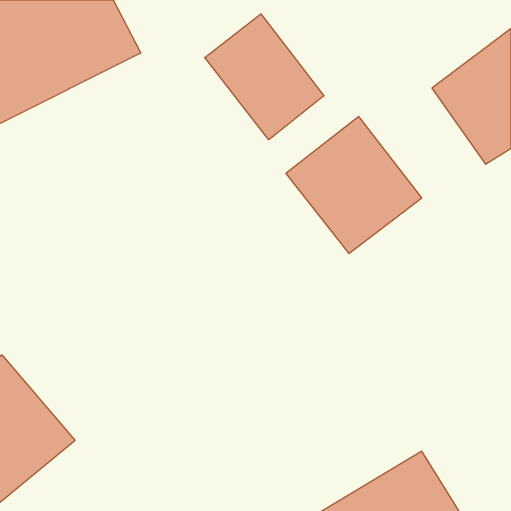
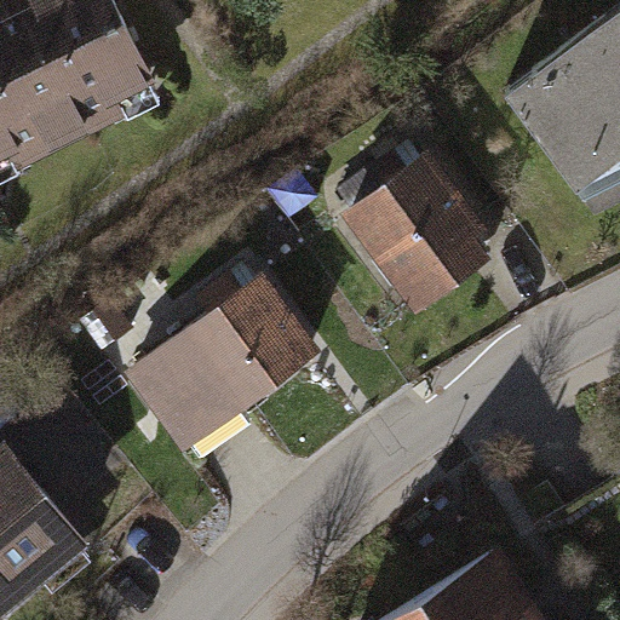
building: [205,14,324,140] -> none
building: none -> [125,275,320,454]

